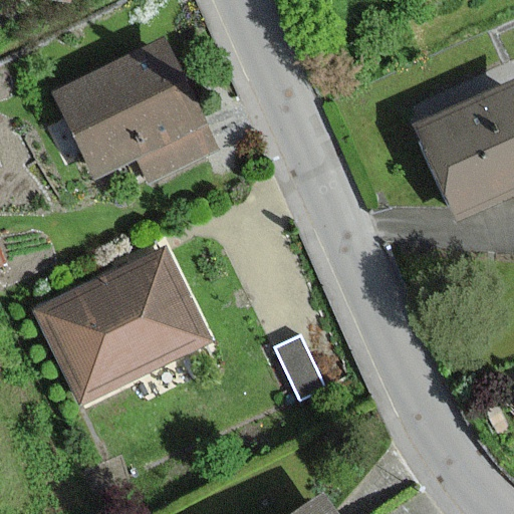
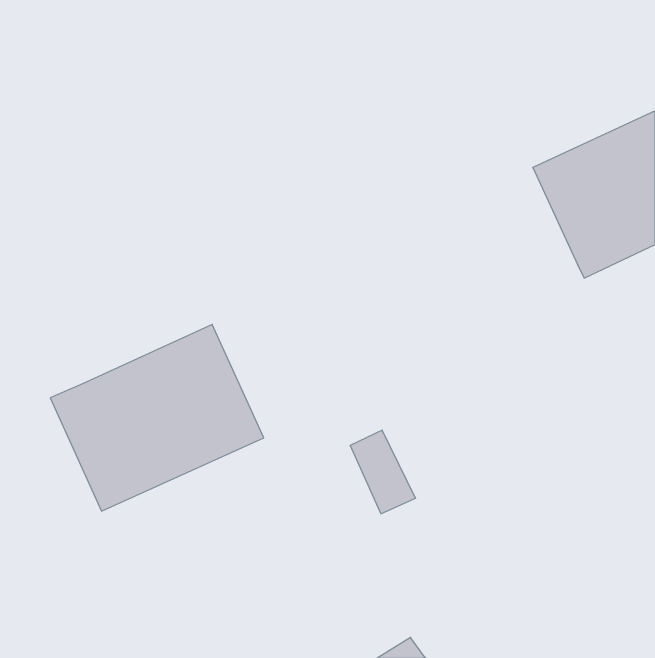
building: [55,40,212,179] -> none

